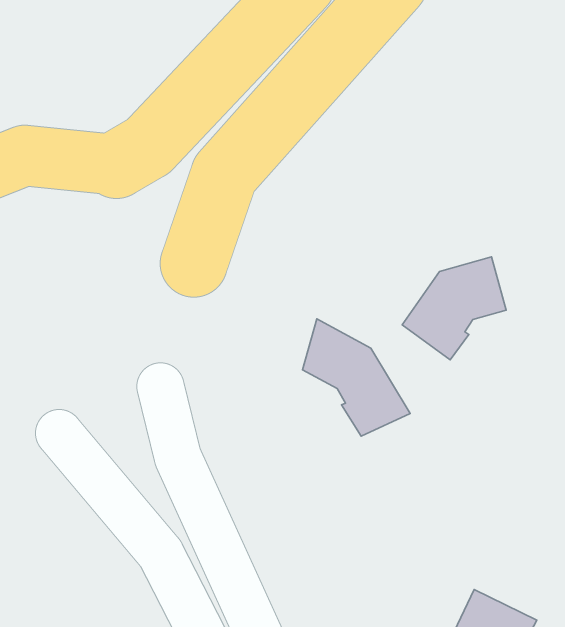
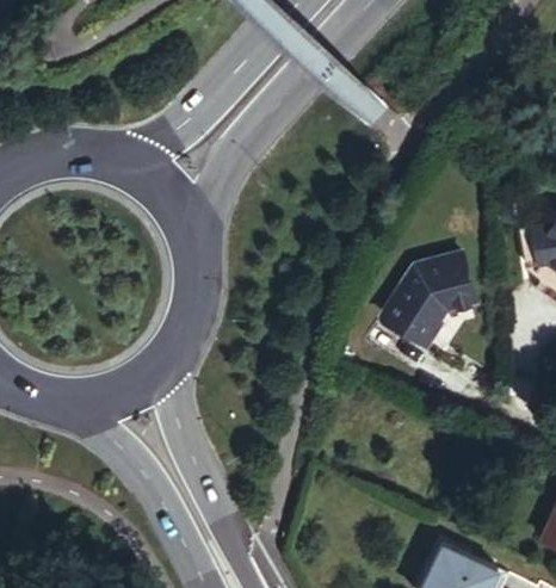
building: [303,319,410,436] -> none

